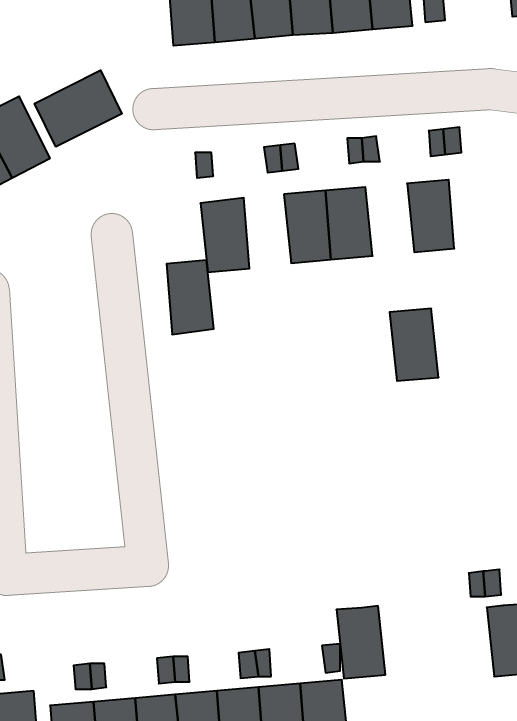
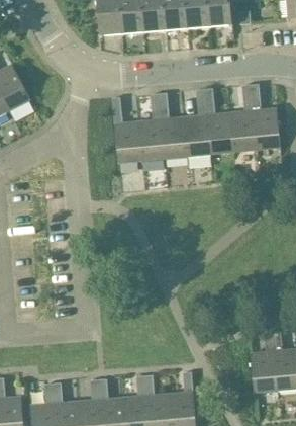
building: [35,70,122,147] -> none
building: none -> [253,108,280,150]
building: [167,260,214,334] -> [138,119,165,161]
building: [390,309,439,381] -> [206,113,233,154]
building: [336,606,385,678] -> [251,350,278,391]

